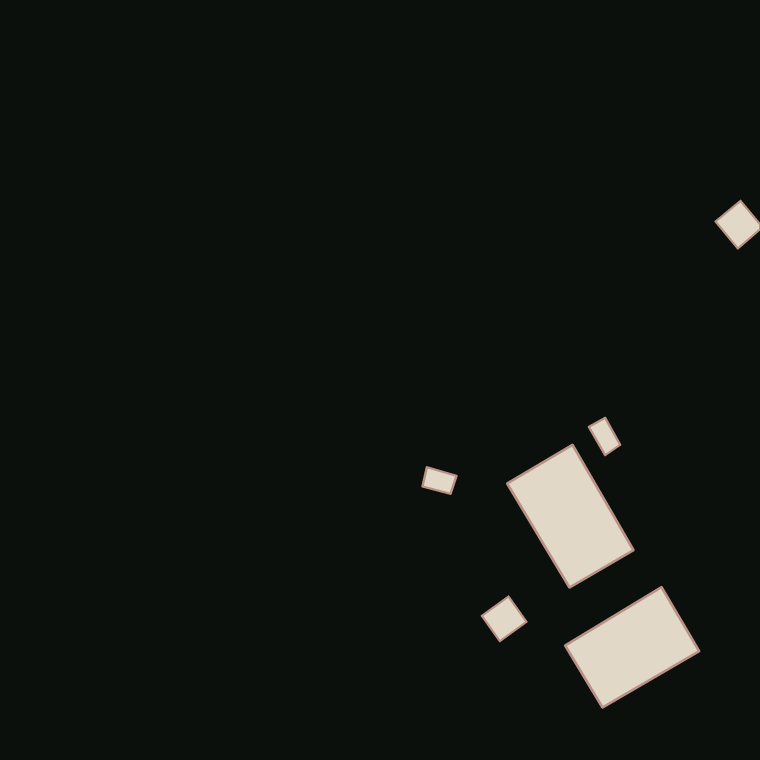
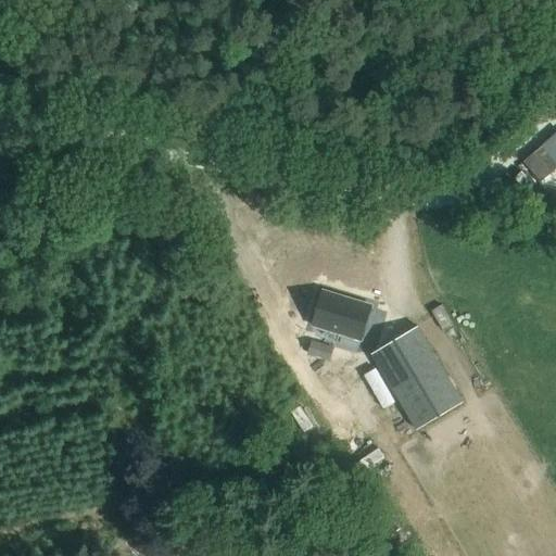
building: none -> [313,292,370,340]
building: [565,587,699,707] -> none

